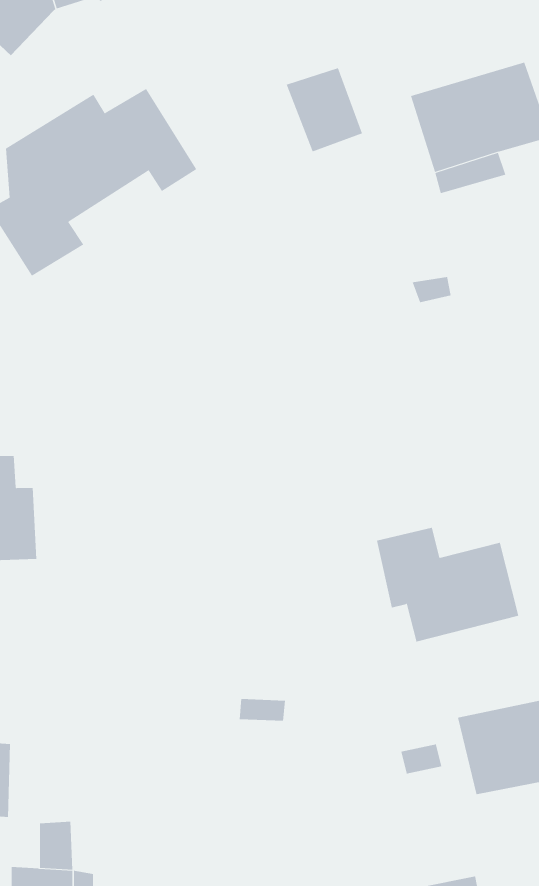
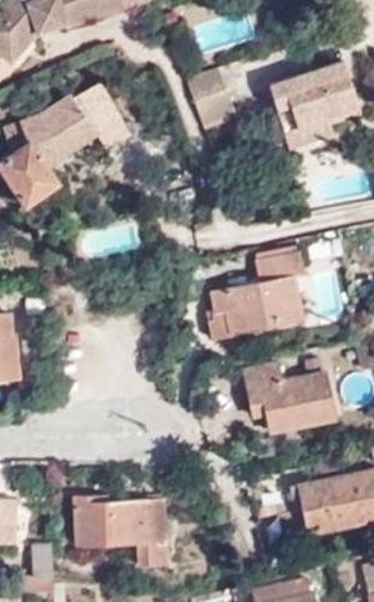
building: none -> [205,254,304,340]
building: none -> [77,497,165,566]

